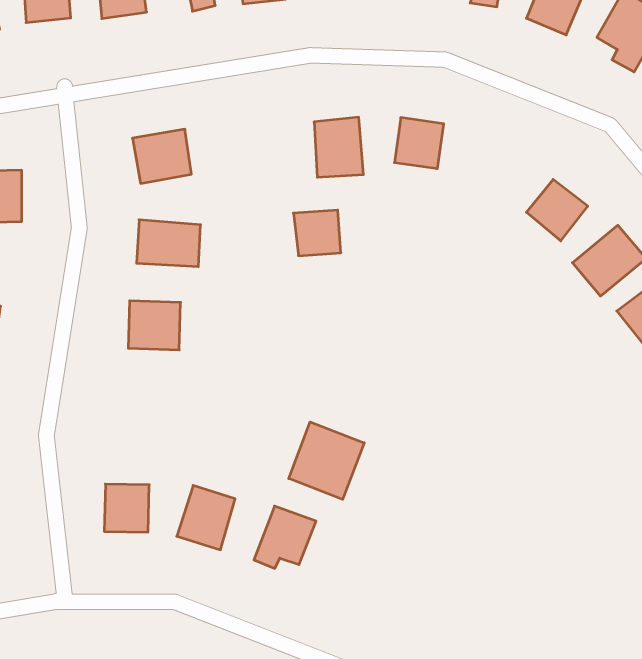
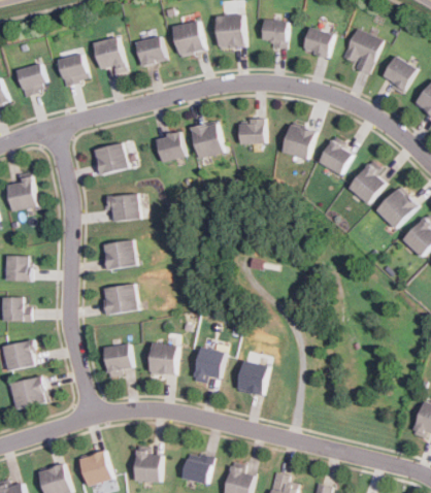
building: none -> [281,124,314,159]
building: [293,210,341,256] -> [154,132,184,161]
building: none -> [100,283,135,315]
building: [289,422,364,499] -> none
building: none -> [236,361,266,394]

